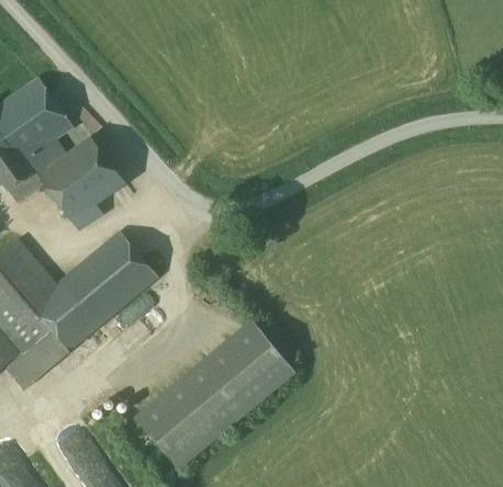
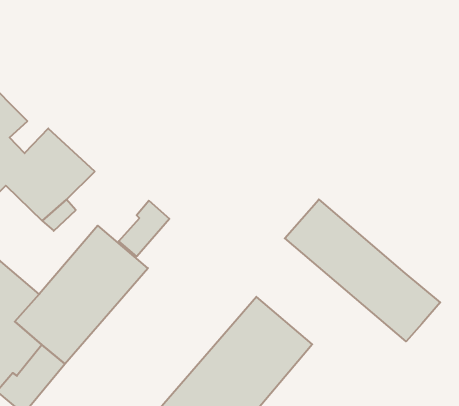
building: none -> [119,201,169,256]
building: none -> [285,199,440,341]

